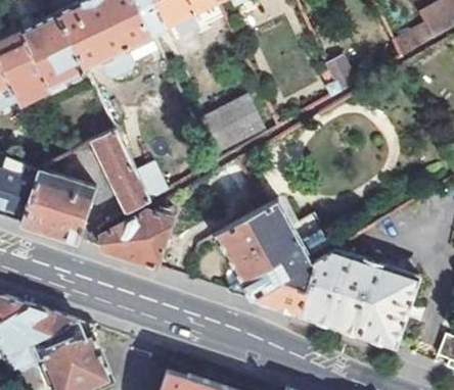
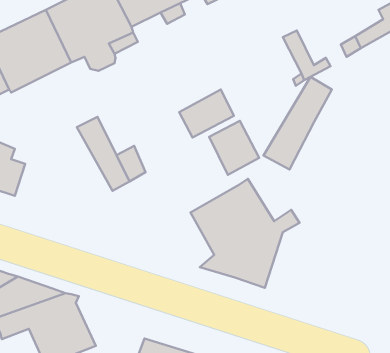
building: none -> [263,77,332,169]
building: none -> [209,121,259,175]
building: [20,169,93,243] -> none
building: [99,210,171,270] -> none
building: [296,245,415,347] -> none

